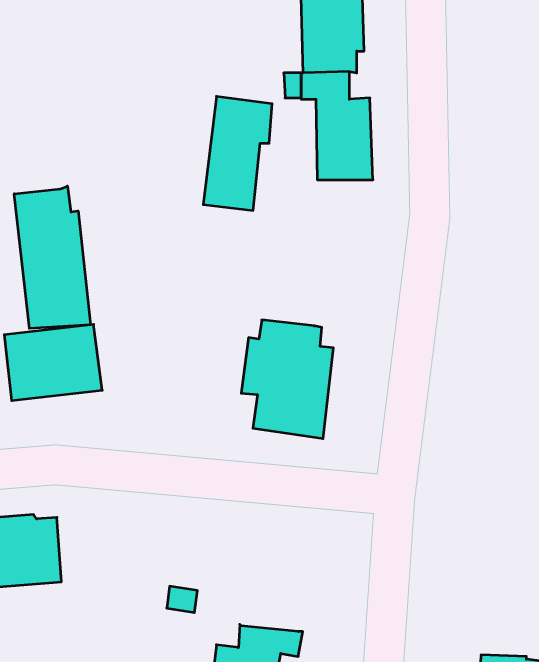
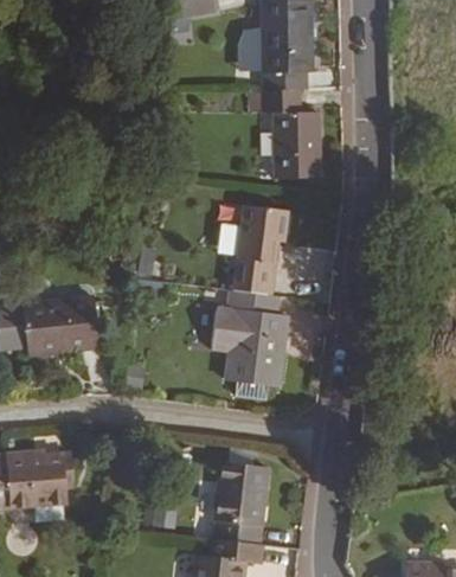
building: [203,96,272,210] -> [232,204,288,296]
building: [14,186,90,328] -> none
building: none -> [213,461,269,544]

